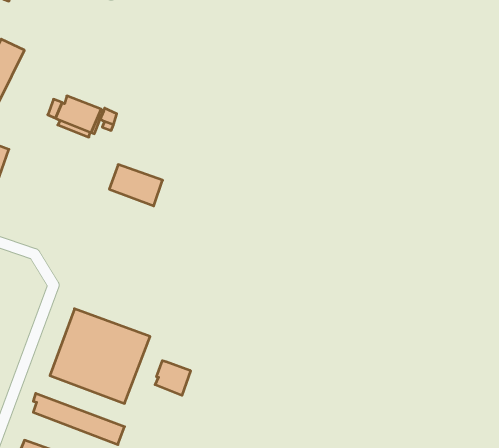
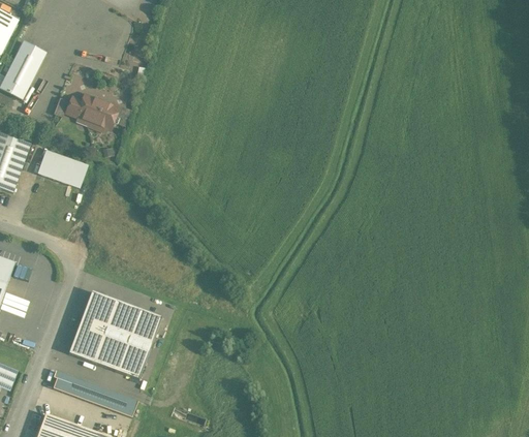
building: [109,165,163,206] -> [37,150,87,188]
building: [155,361,191,395] -> none

